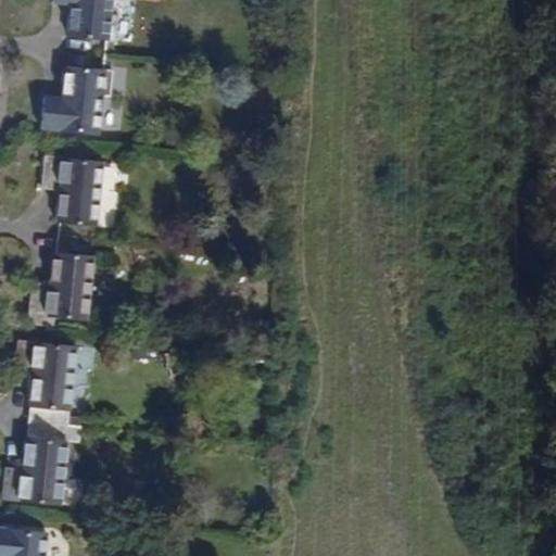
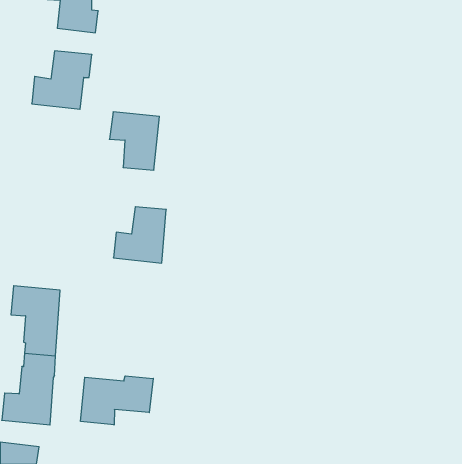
building: [41,153,101,223] -> [109,112,159,170]
building: [27,253,90,320] -> [113,207,166,263]
building: none -> [81,376,153,425]

